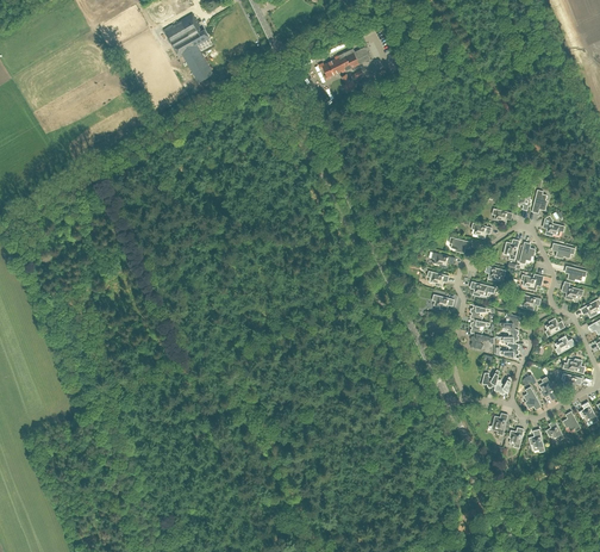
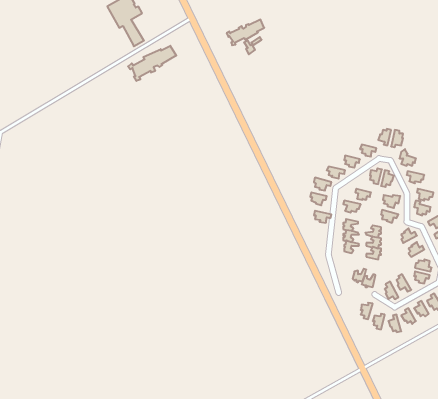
building: none -> [128,46,176,81]

